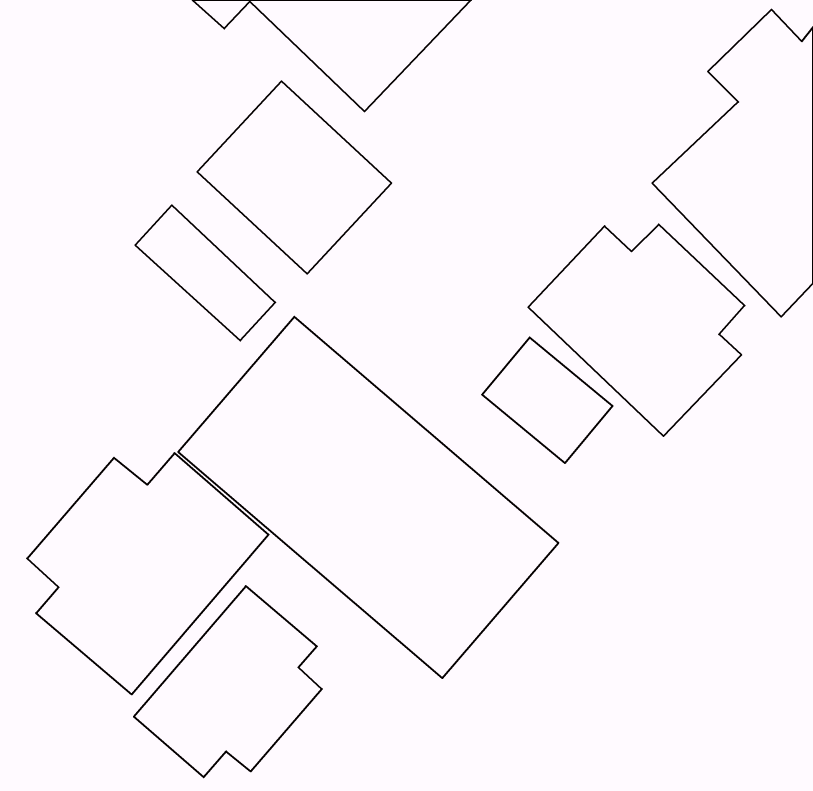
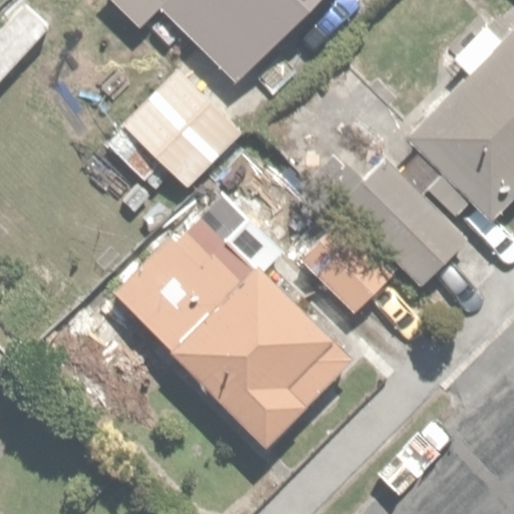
building: [27,453,269,694] -> none
building: [134,586,322,777] -> none

